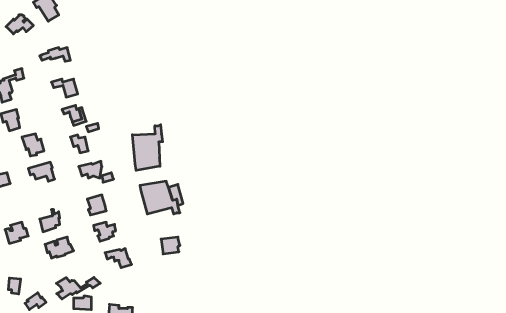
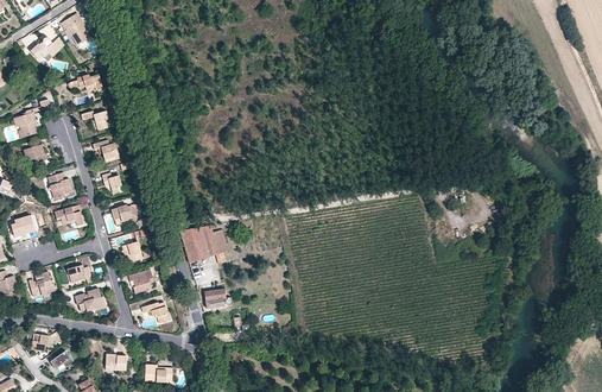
building: [132,125,163,170] -> none
building: [56,277,100,299] -> none

